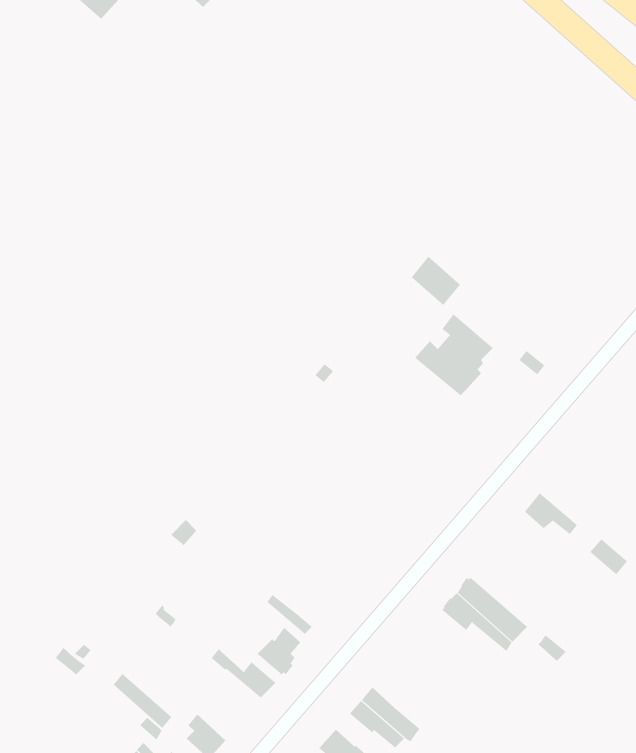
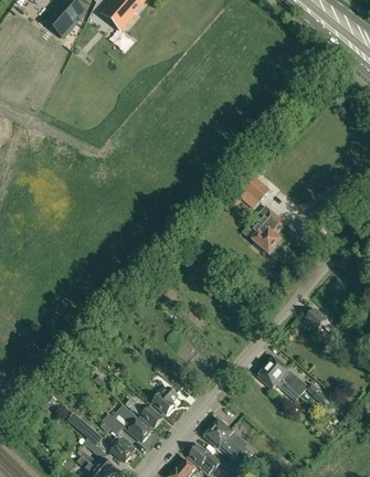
building: none -> [103,406,150,442]

